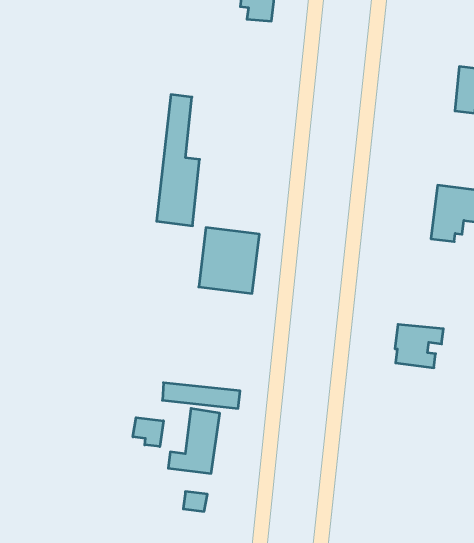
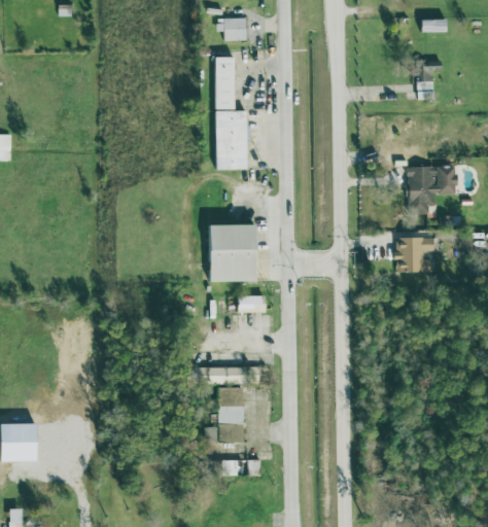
building: [157,95,200,226] -> [214,57,247,169]
building: none -> [237,295,265,312]
building: [395,324,443,368] -> [395,237,435,272]
building: [133,418,163,447] -> none

